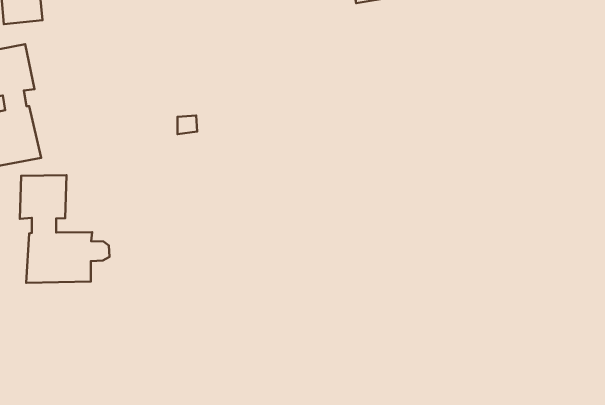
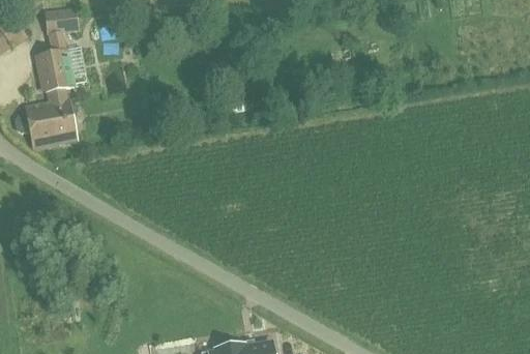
building: [20,175,110,283] -> none

